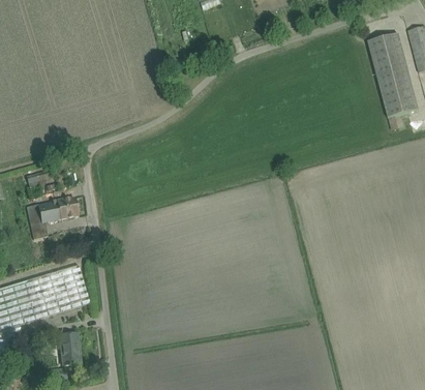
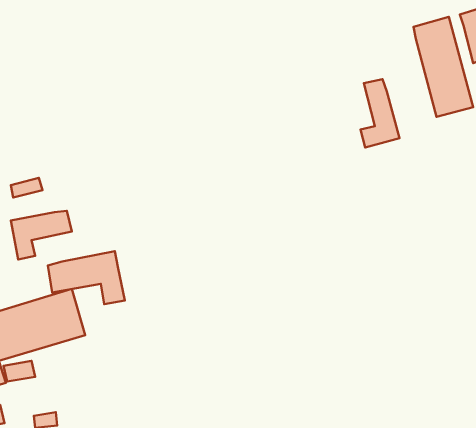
building: none -> [360,79,399,148]
building: none -> [48,251,125,304]
building: [60,332,81,365] -> none

